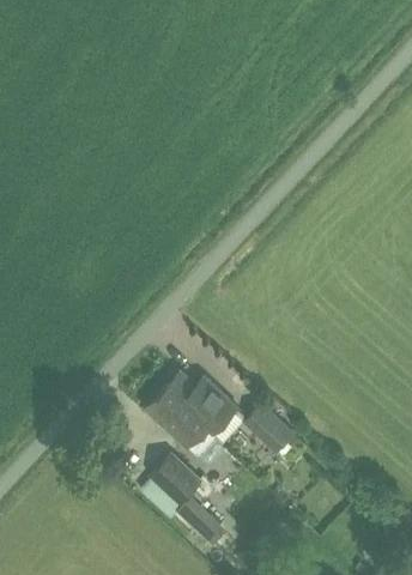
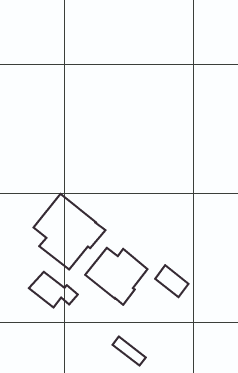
building: none -> [34,194,105,269]
building: [147,452,216,503] -> [29,272,78,307]

